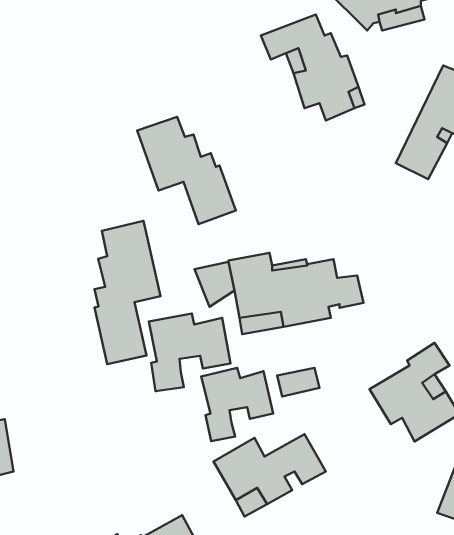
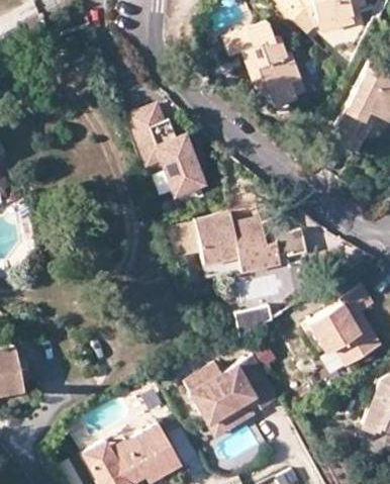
building: [94,221,161,364] -> none
building: [149,314,230,391] -> none
building: [201,368,273,441] -> none

